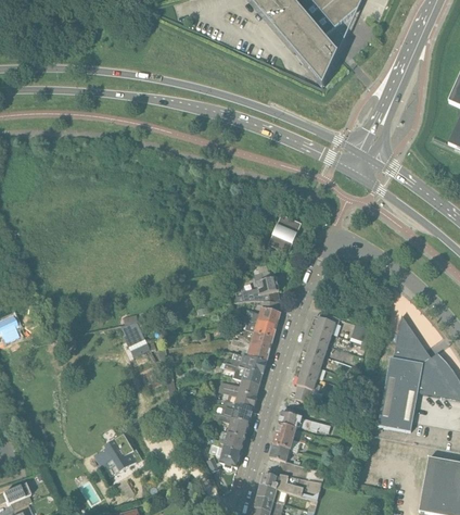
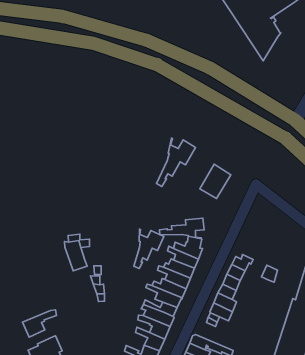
building: none -> [156,138,195,186]
building: none -> [134,229,164,268]
building: none -> [22,310,56,337]

